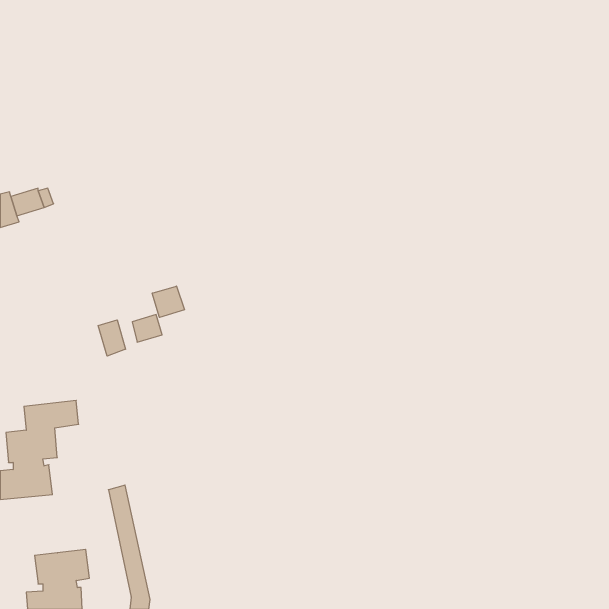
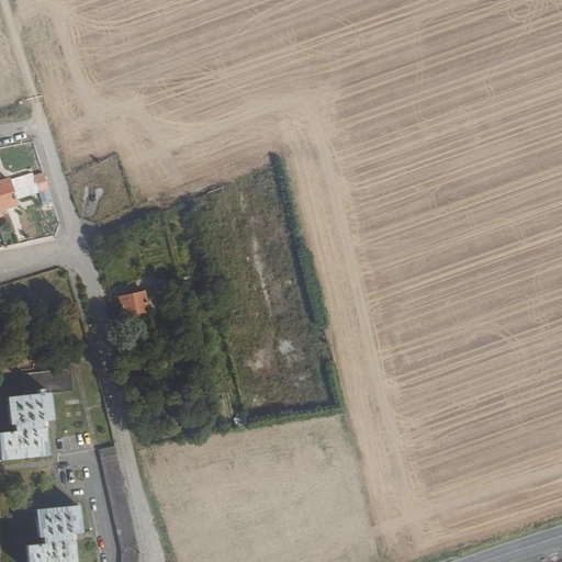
building: [152,286,185,317] -> none
building: [98,320,126,356] -> none

